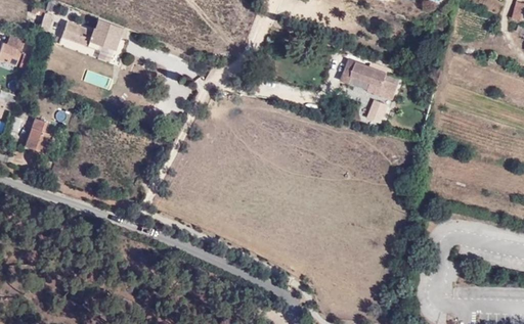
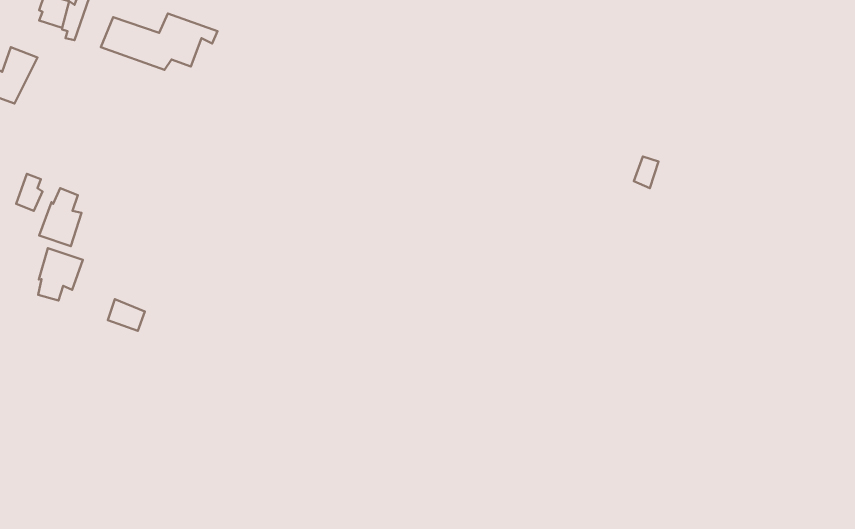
building: [341,64,392,95] -> none
building: none -> [38,248,83,300]

